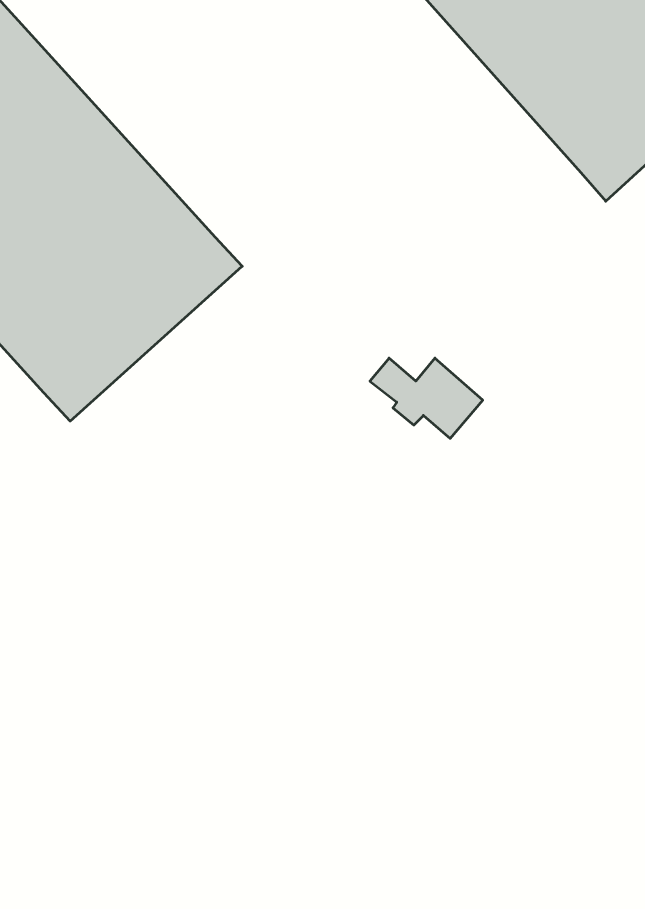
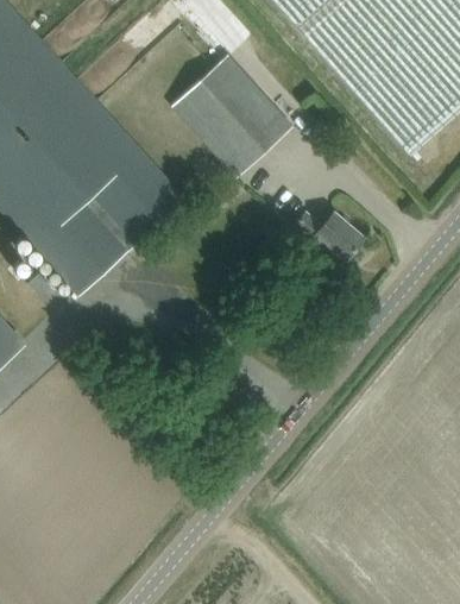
building: none -> [172,54,291,176]
building: [370,358,483,438] -> [294,212,364,262]

